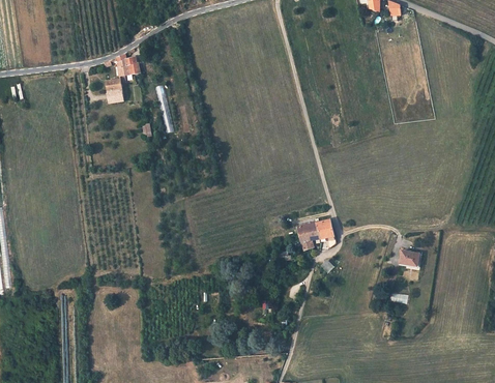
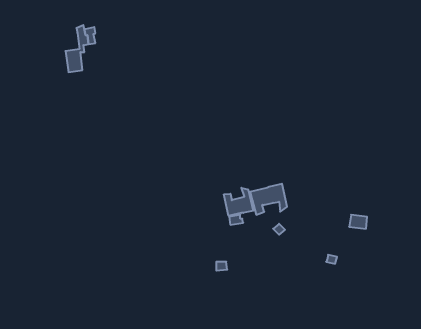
building: none -> [224,188,253,216]

